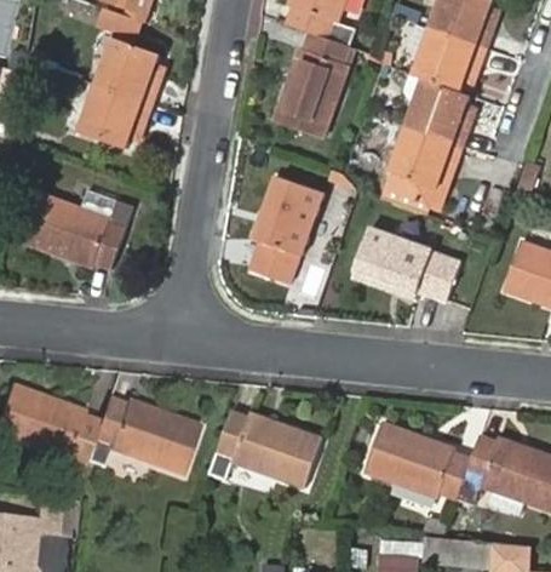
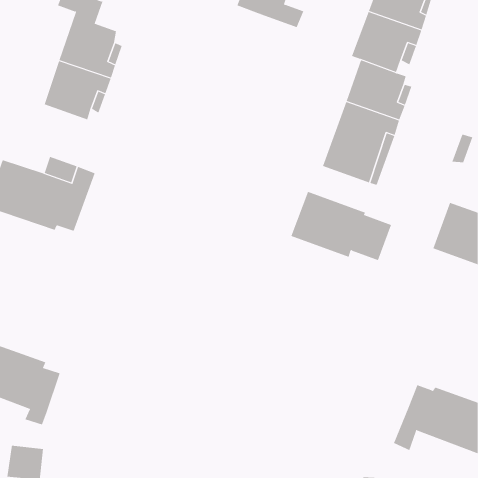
building: [275,34,354,144] -> none
building: [245,175,317,285] -> none
building: [85,397,199,475] -> none
building: [210,412,323,490] -> none
building: [365,421,472,497] -> none

